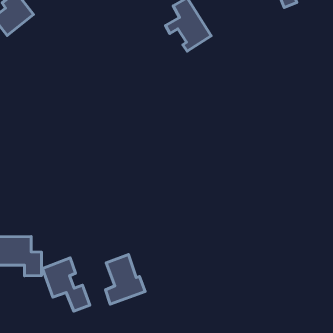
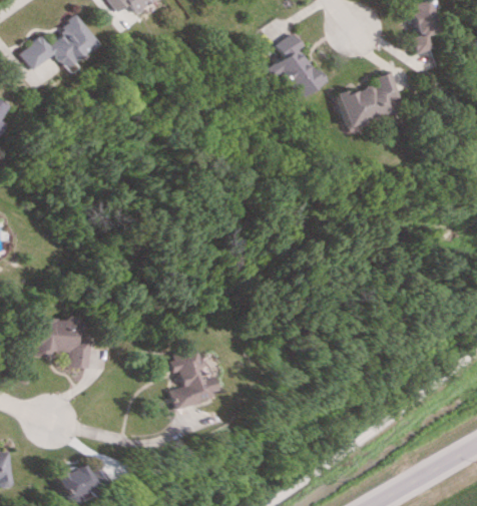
building: none -> [337,73,398,127]
building: [42,258,90,311] -> none

